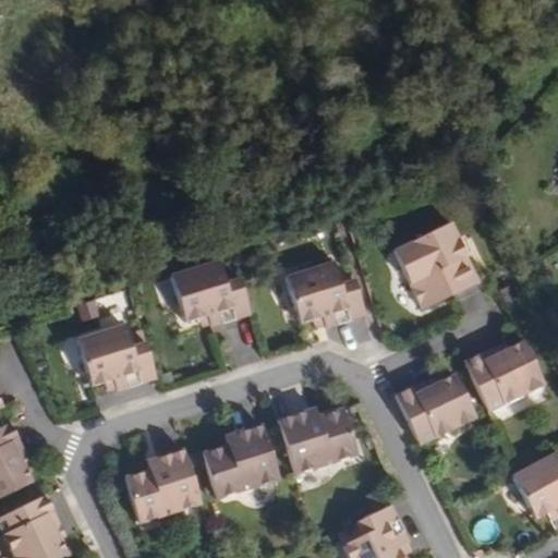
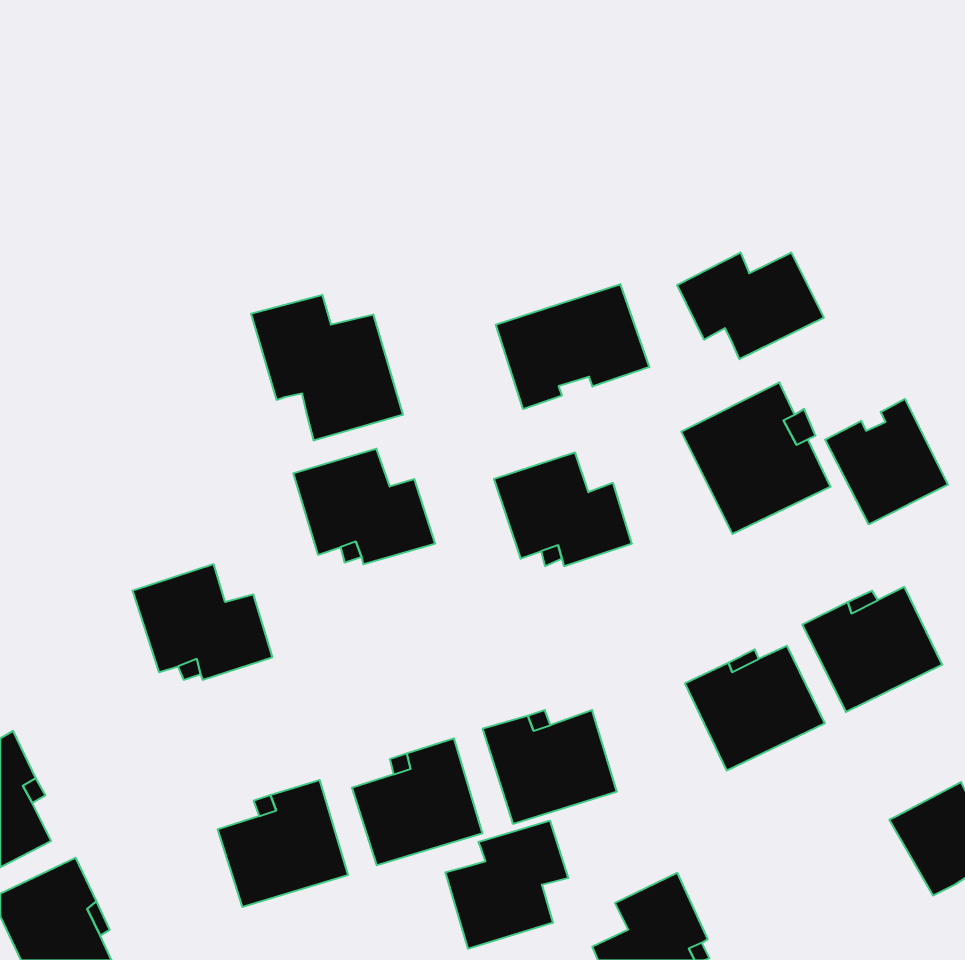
building: none -> [677,252,824,359]
building: none -> [496,284,649,409]
building: none -> [251,295,403,441]
building: none -> [825,399,948,524]
building: none -> [445,821,568,949]

